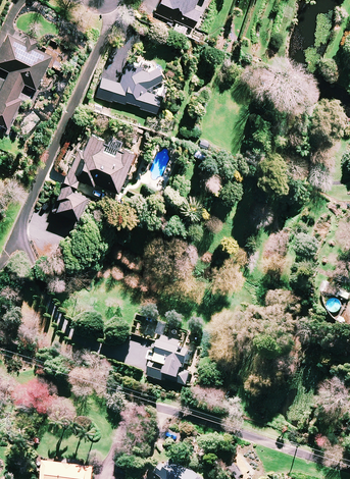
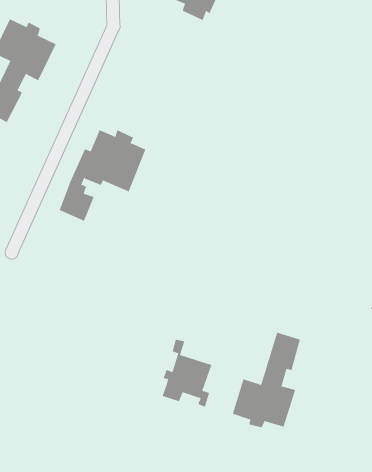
building: [96,60,164,112] -> none
building: none -> [232,332,301,428]

